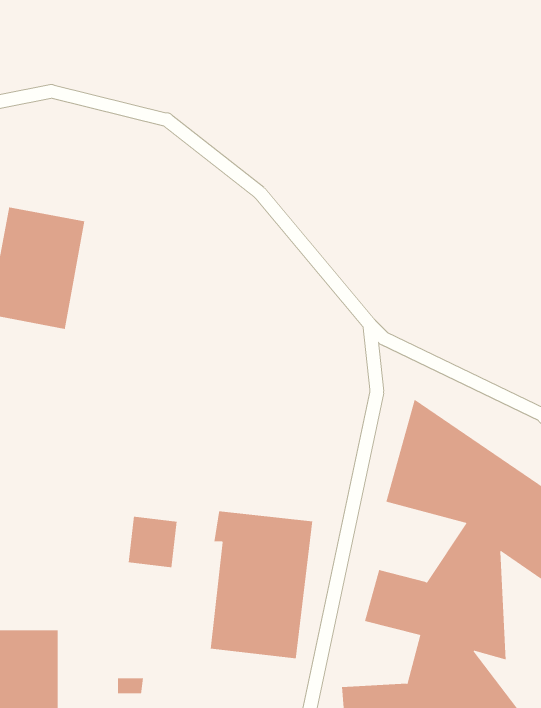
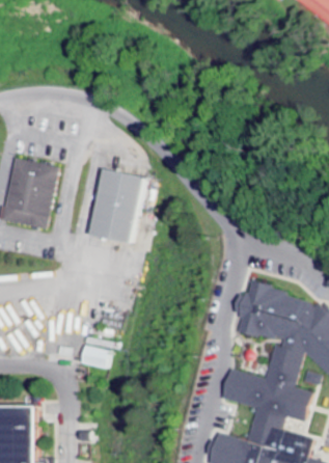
building: none -> [91,168,145,243]
building: [210,510,313,659] -> none

